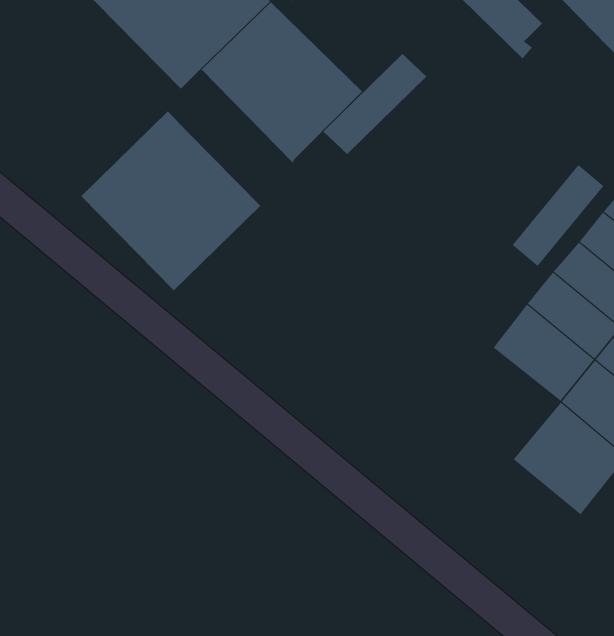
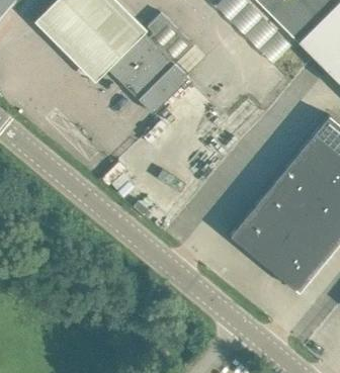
building: [323,53,427,155] -> none
building: [80,111,261,291] -> none
building: [512,164,604,267] -> none
building: none -> [230,206,288,263]

